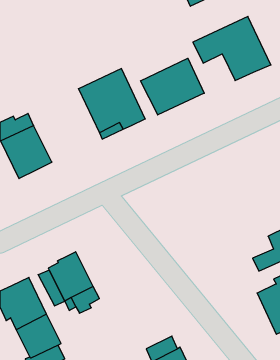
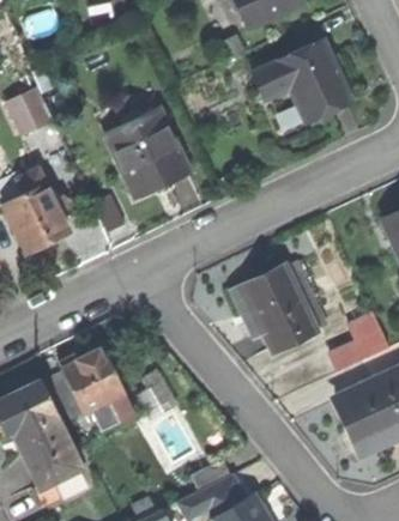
building: none -> [7,87,52,134]
building: [141,58,204,115] -> none
building: none -> [240,266,319,353]

